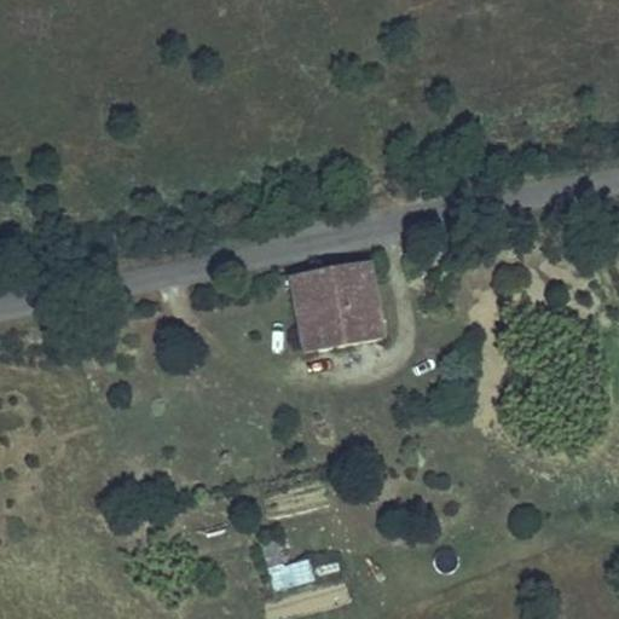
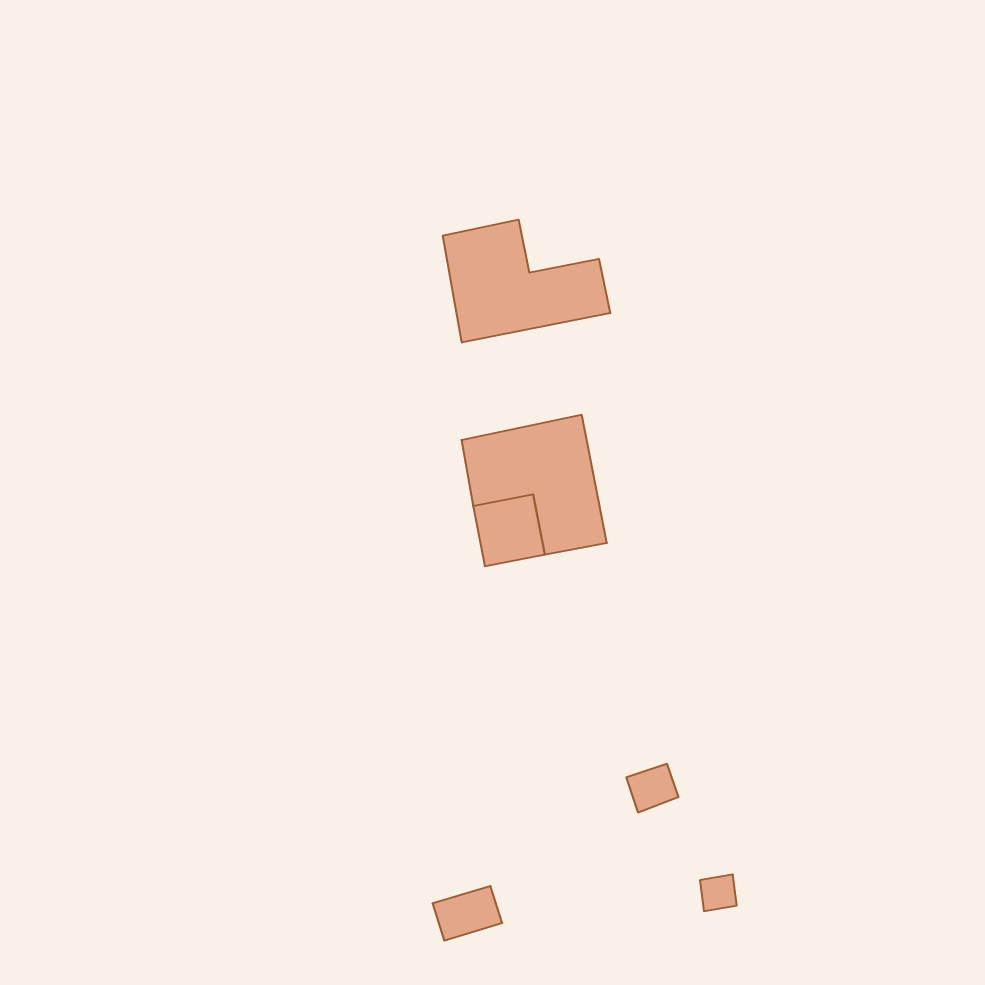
building: none -> [443,220,610,343]

